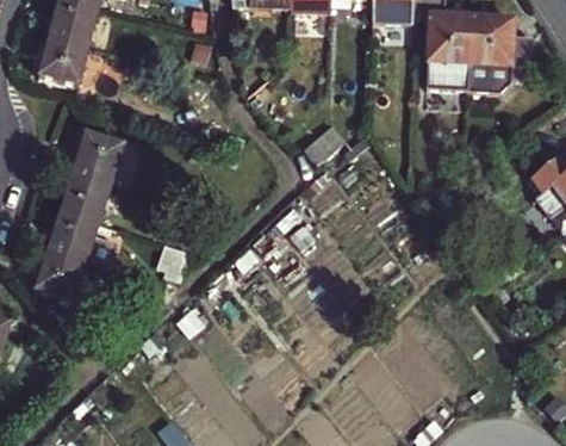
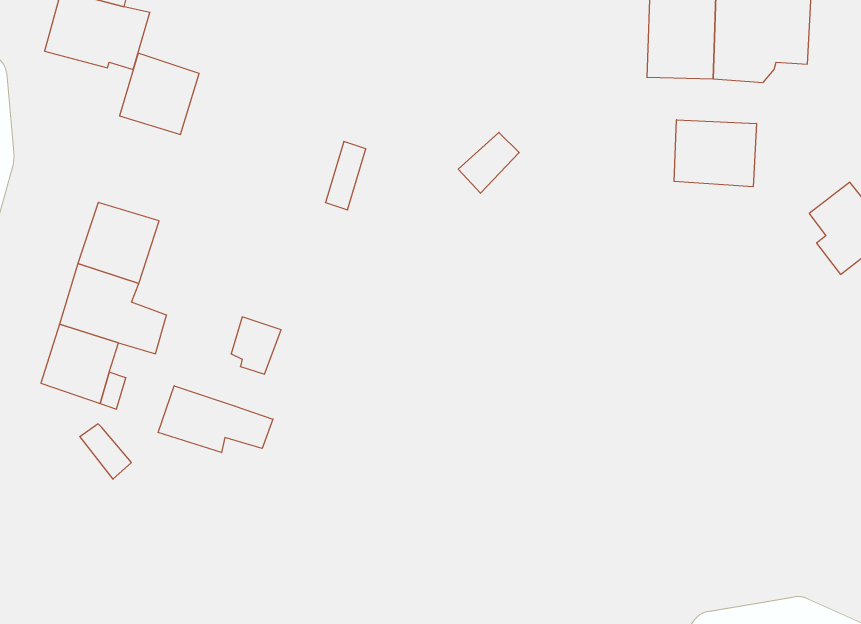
building: none -> [674,120,756,187]
building: [71,129,123,181] -> [120,53,199,134]
building: none -> [158,386,273,453]

